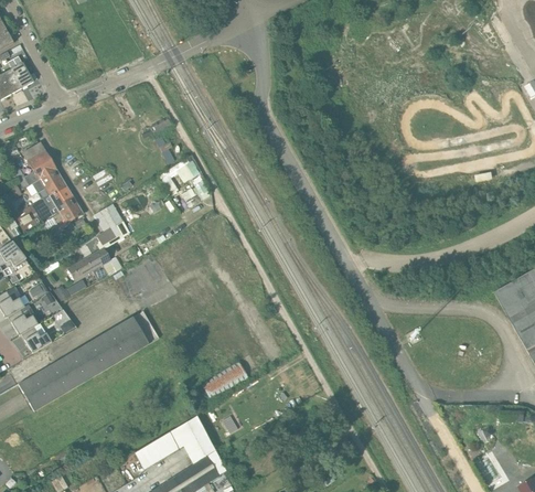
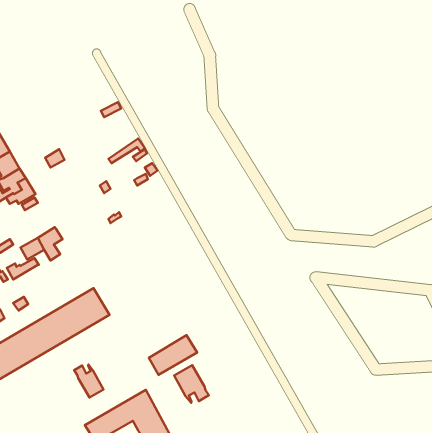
building: [94,206,124,245] -> none
building: none -> [74,365,103,397]
building: none -> [174,365,209,403]

